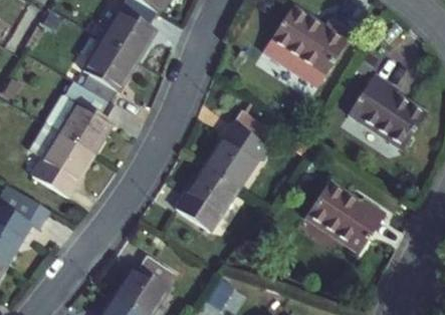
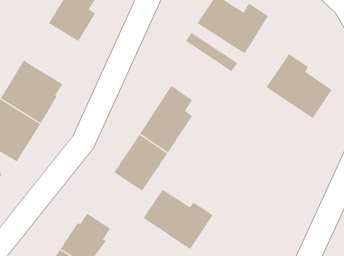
building: [82,40,137,104] -> none
building: [305,184,386,253] -> [143,189,213,250]

